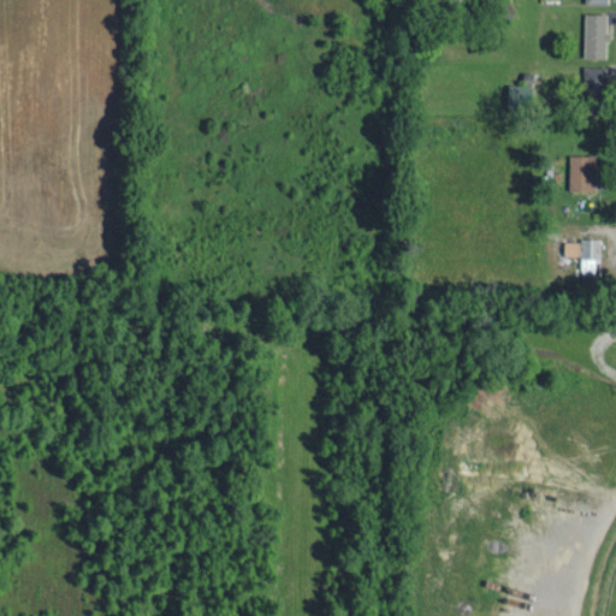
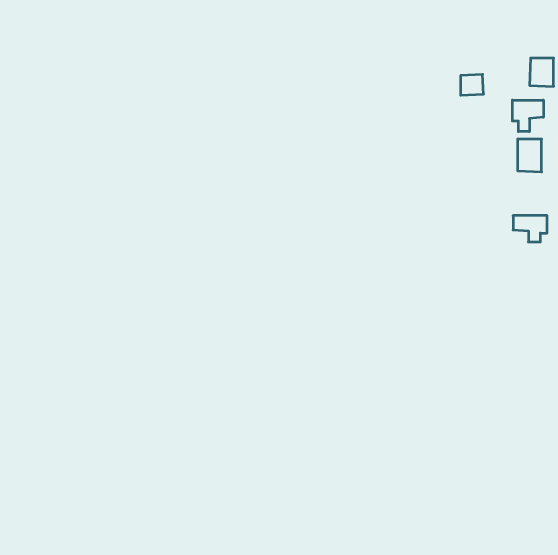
building: [585,16,609,59] -> none
building: none -> [512,100,543,132]

